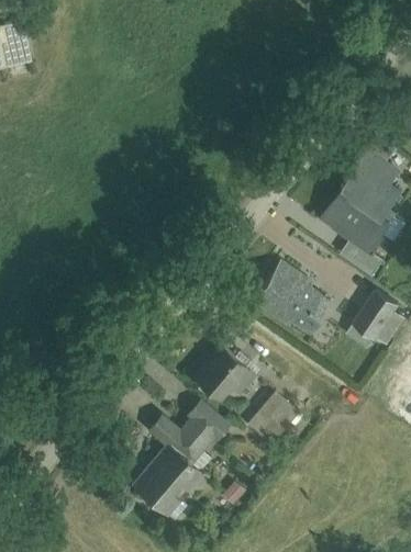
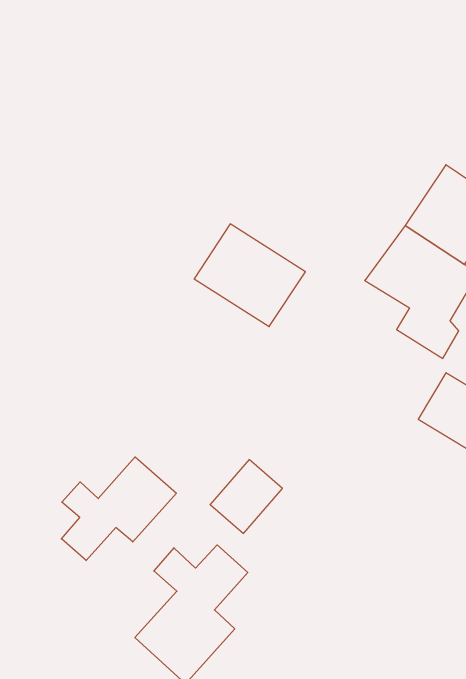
building: [253,259,337,337] -> [194,224,305,327]
building: none -> [61,457,176,561]
building: [246,388,298,441] -> none

